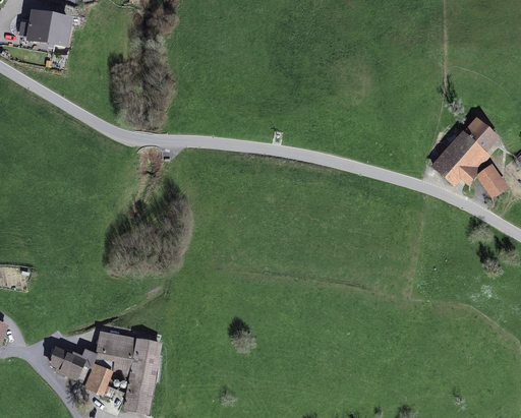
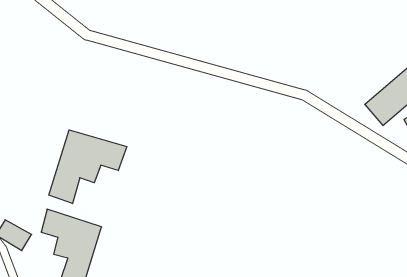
building: none -> [49,130,127,204]
building: [82,364,111,395] -> none

